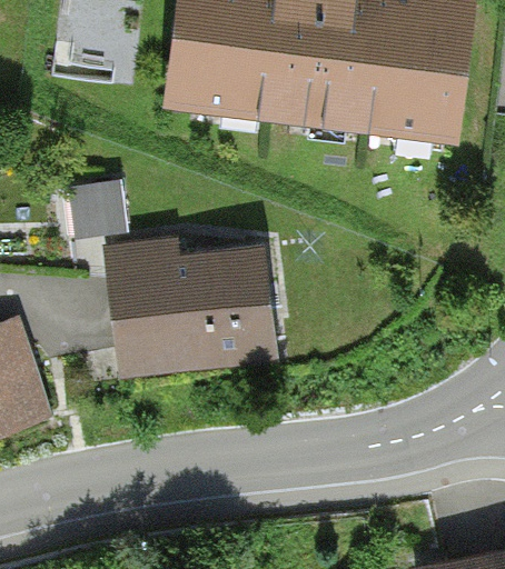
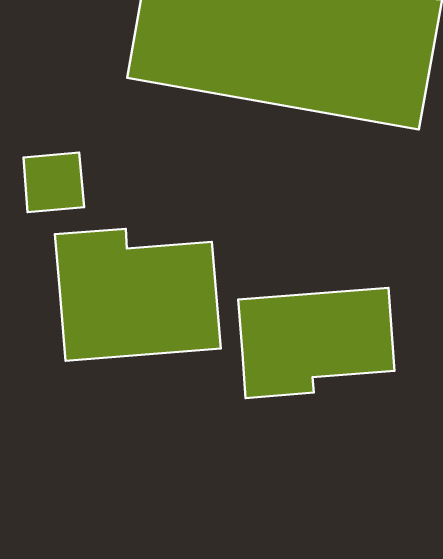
building: none -> [238,288,395,398]

